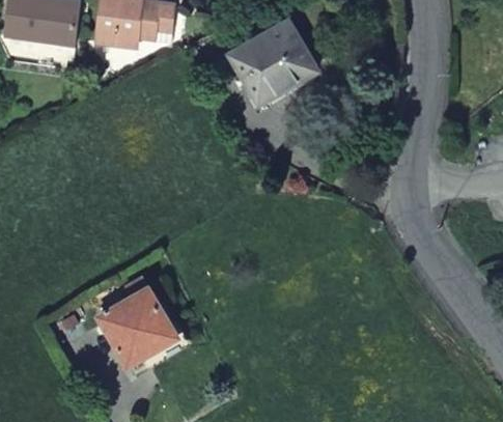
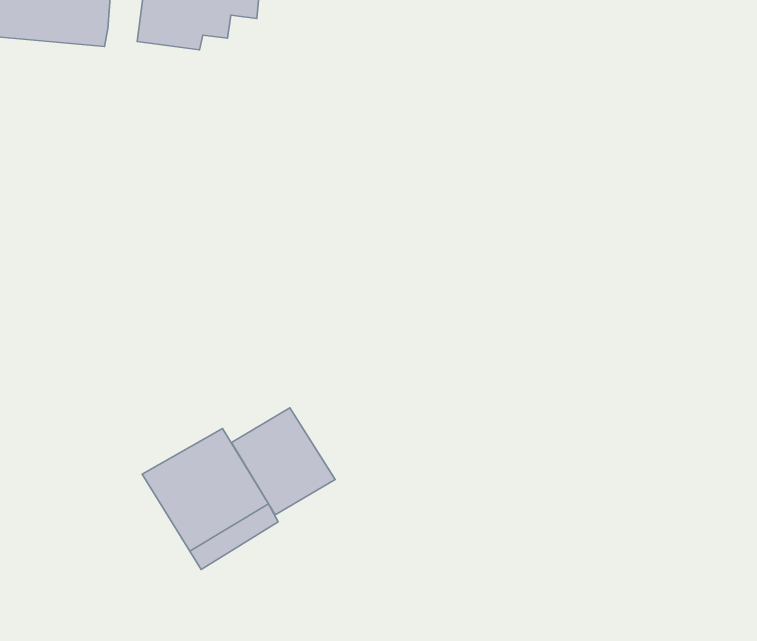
building: [226,26,310,106] -> none
building: none -> [231,408,335,515]

